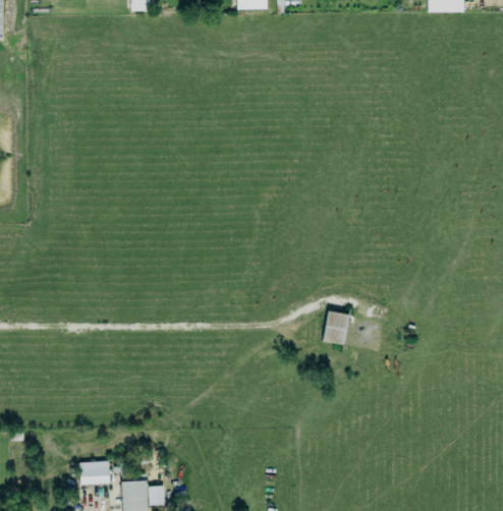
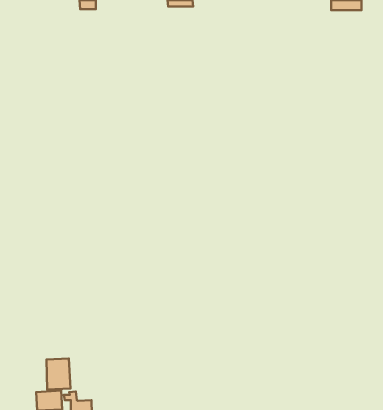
building: [324,311,350,345] -> none
building: none -> [47,359,70,390]

